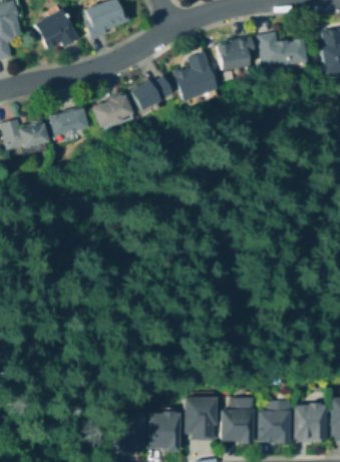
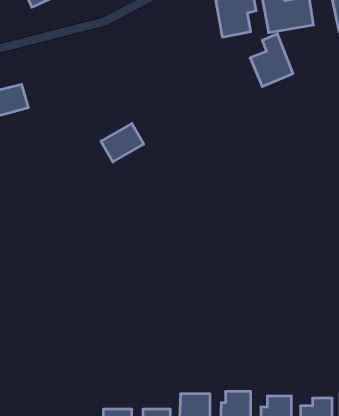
building: [178,51,217,99] -> [250,34,293,87]
building: [133,77,172,109] -> none
building: [93,93,132,128] -> [101,123,144,162]
building: [51,108,86,134] -> none

